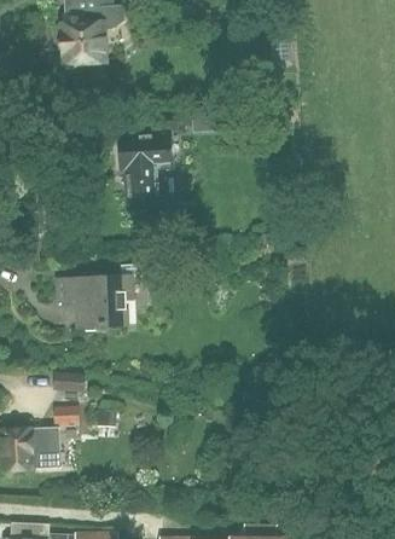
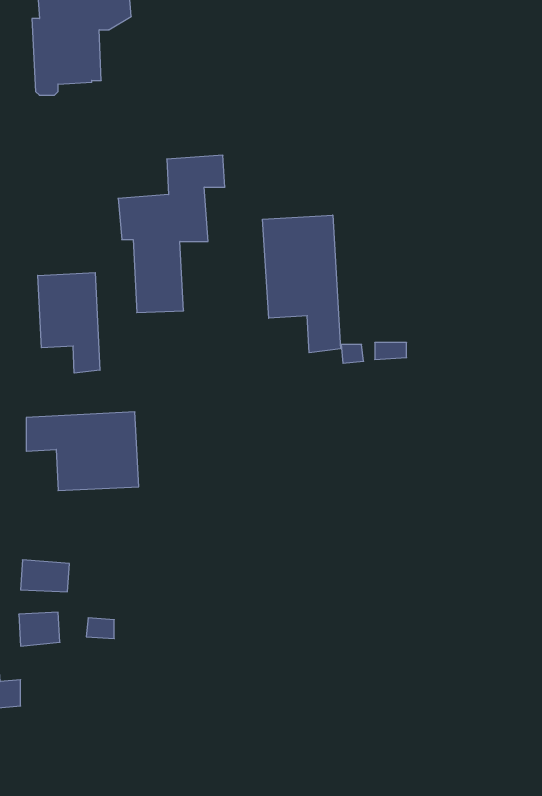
building: none -> [263,215,340,353]
building: none -> [38,273,100,373]

